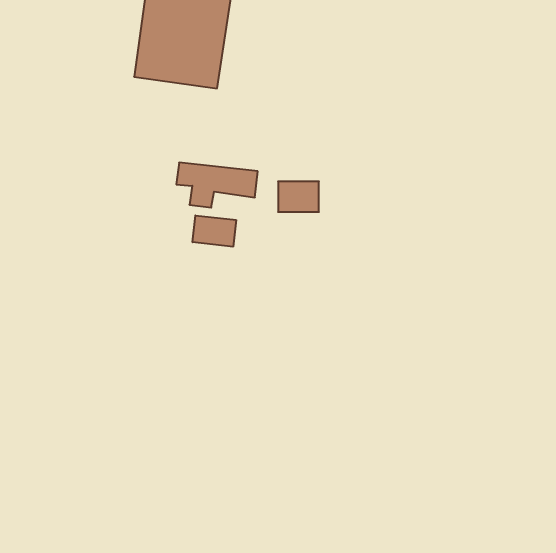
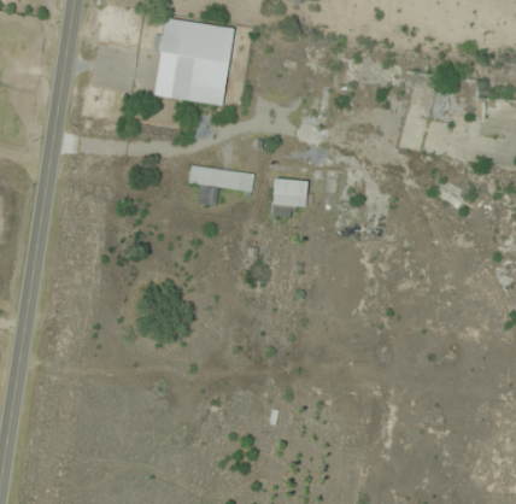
building: [193,215,236,247] -> none

